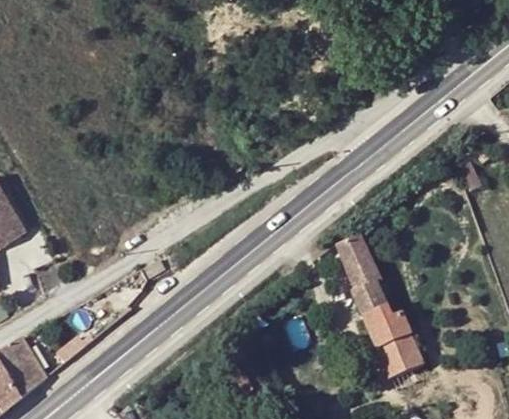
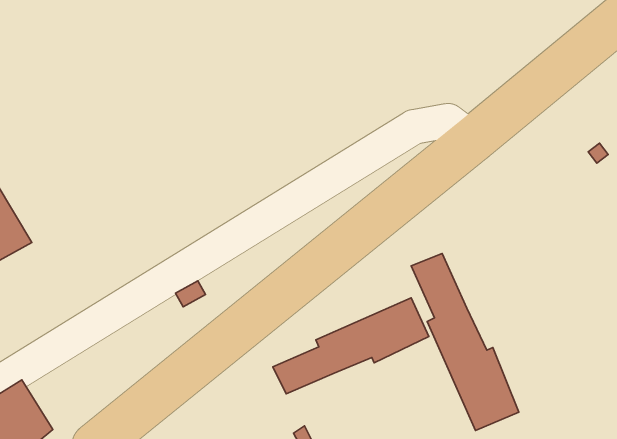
building: none -> [273,298,429,394]

